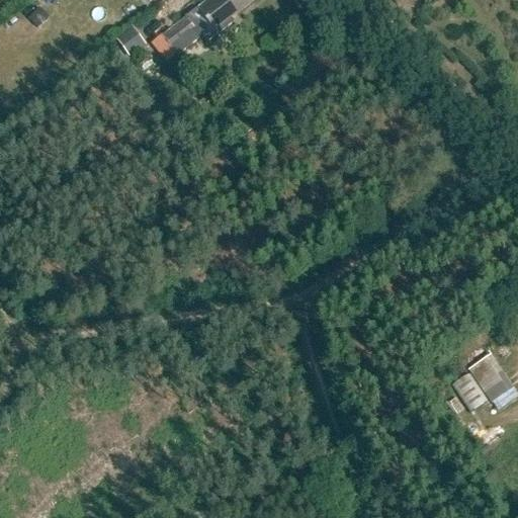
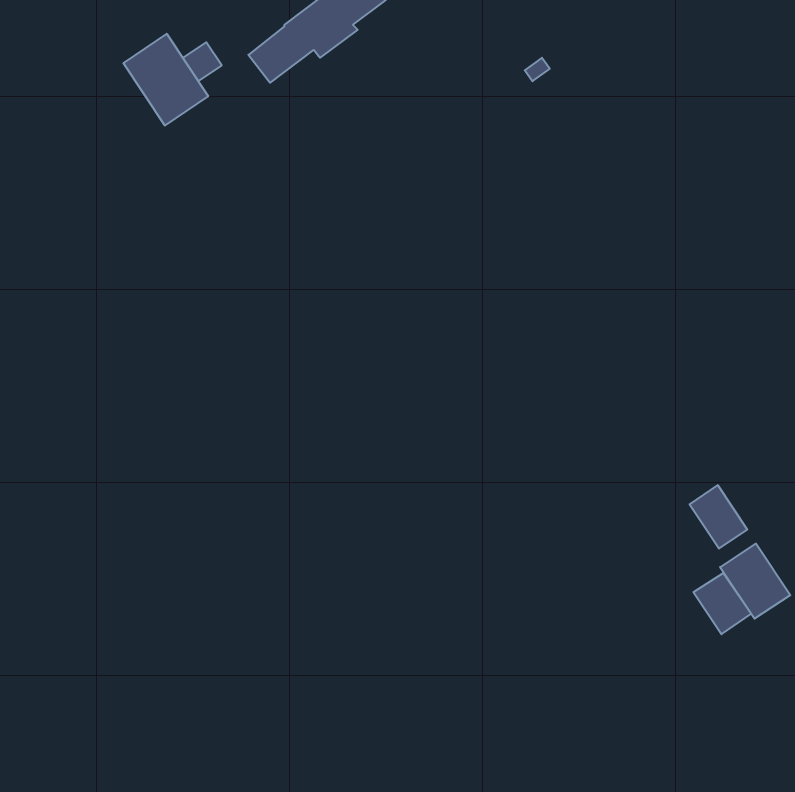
building: none -> [123,34,208,126]
building: none -> [690,485,747,549]

